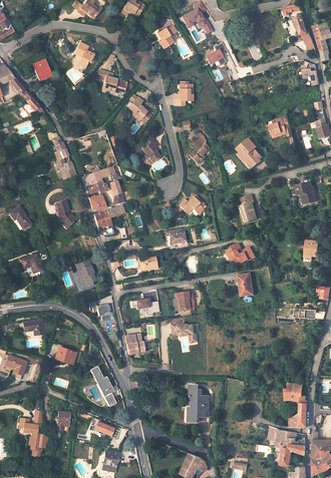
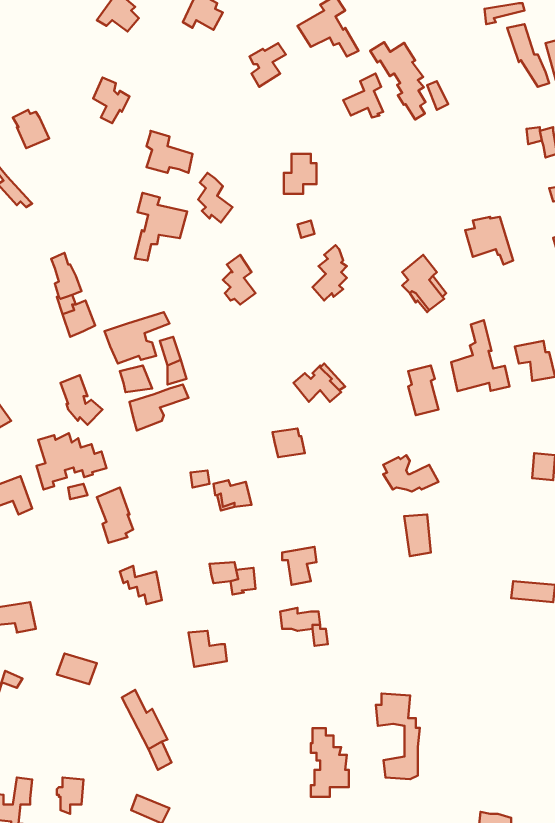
building: none -> [370,42,426,120]
building: none -> [135,193,187,261]
building: none -> [451,320,509,391]
building: none -> [37,433,106,489]
building: [284,383,307,428] -> [376,693,420,779]

